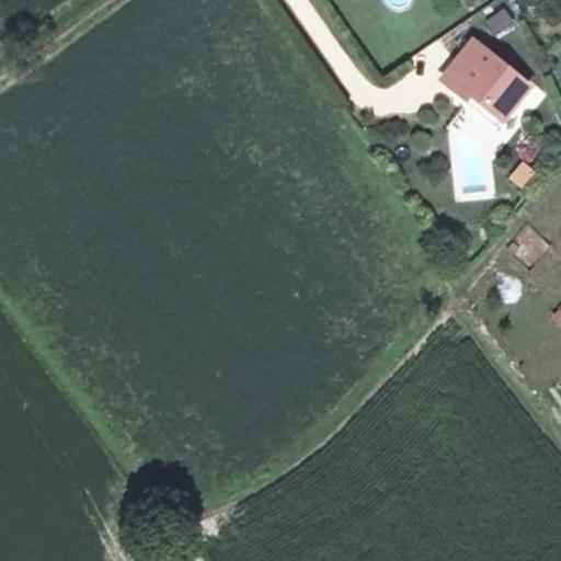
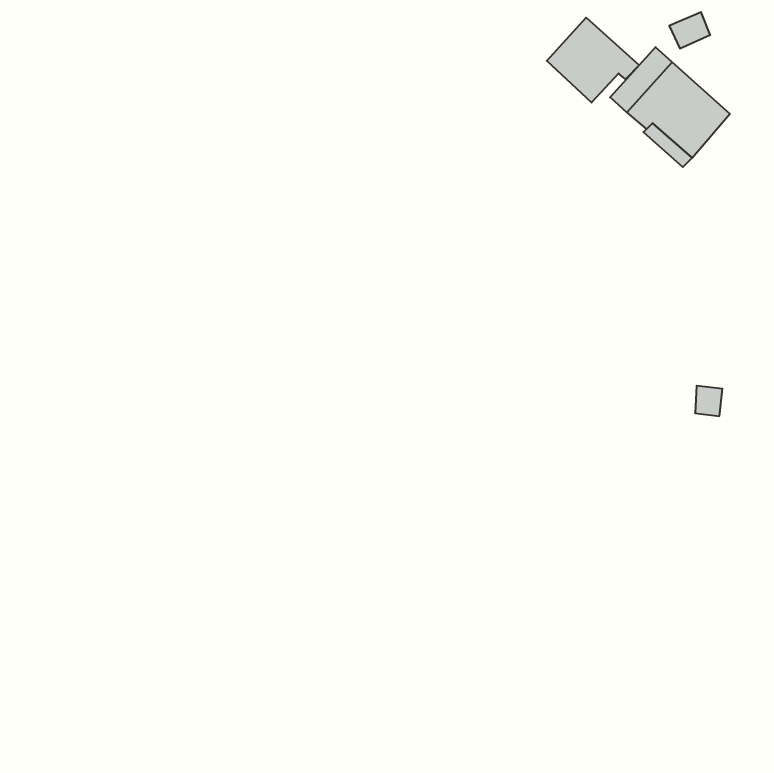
building: none -> [547,18,639,103]

